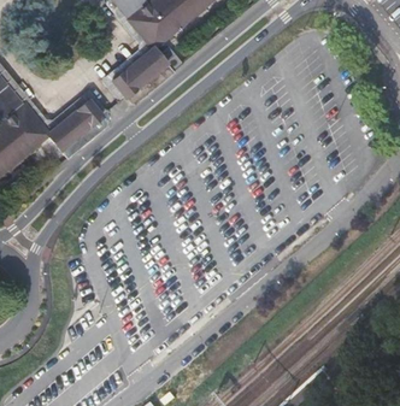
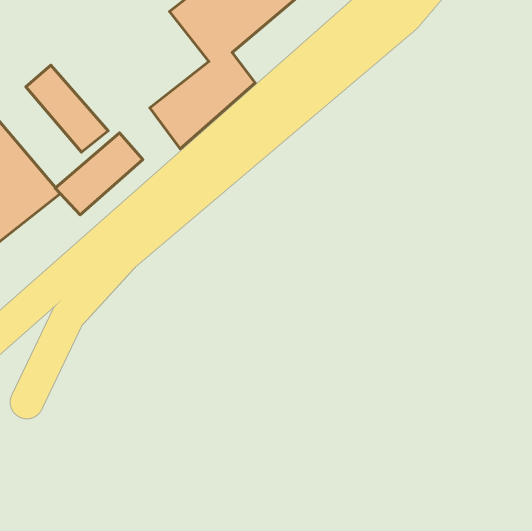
building: none -> [26,65,108,152]

